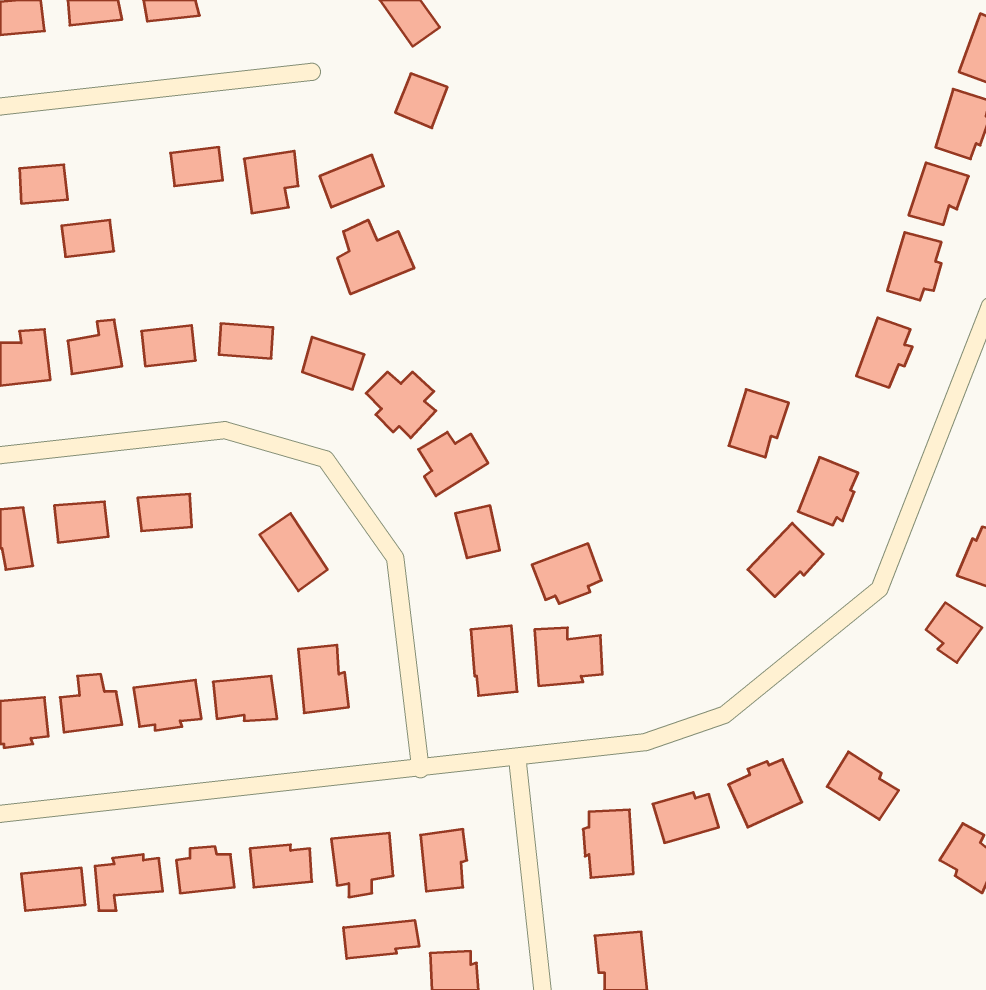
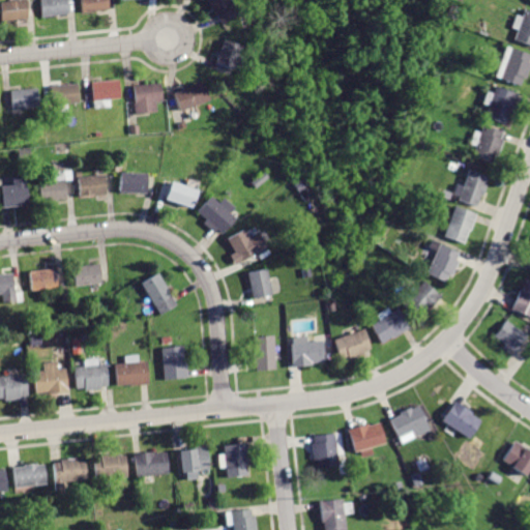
building: [338,220,414,294] -> none
building: [62,220,114,257] -> [52,83,80,102]
building: [729,389,789,457] -> [446,206,478,242]
building: [532,544,602,604] -> [334,328,372,360]
building: none -> [372,308,411,343]
building: [344,920,419,959] -> none

